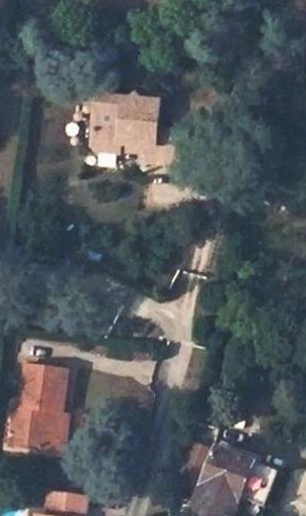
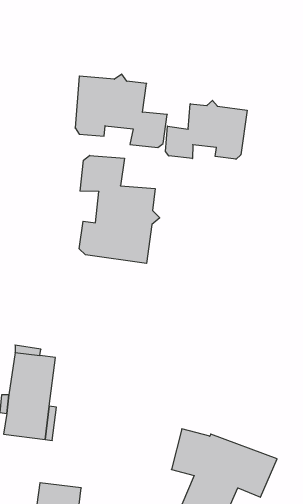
building: none -> [165,100,247,159]
building: none -> [79,155,160,263]

